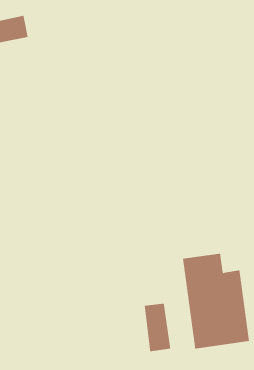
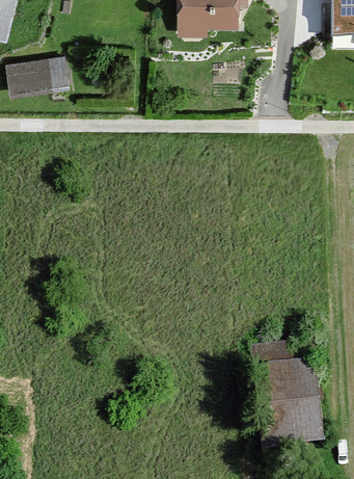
building: [144,303,171,352] -> none

